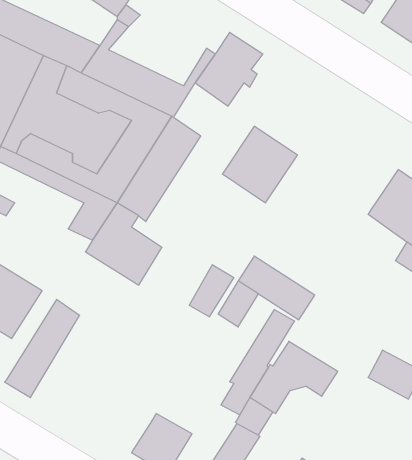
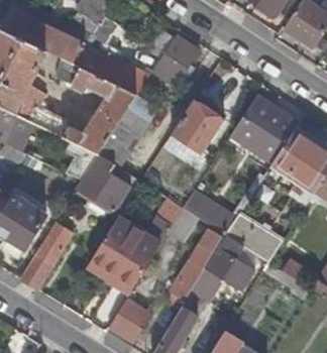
building: none -> [235,99,298,158]
building: none -> [225,211,283,261]
building: none -> [89,222,157,297]

